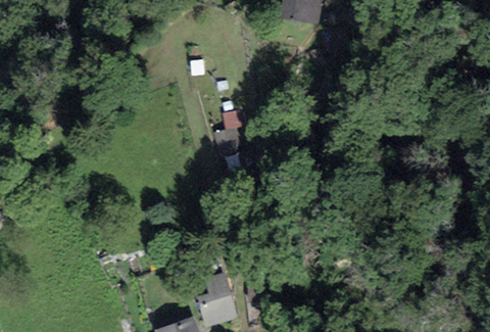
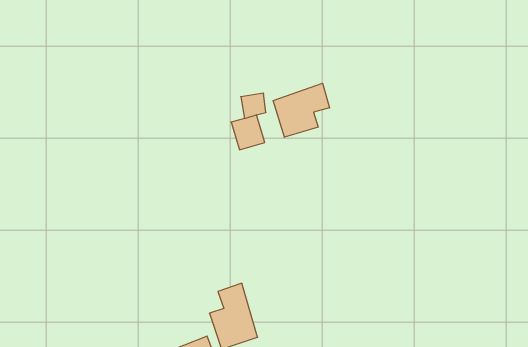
building: none -> [273,83,330,137]

